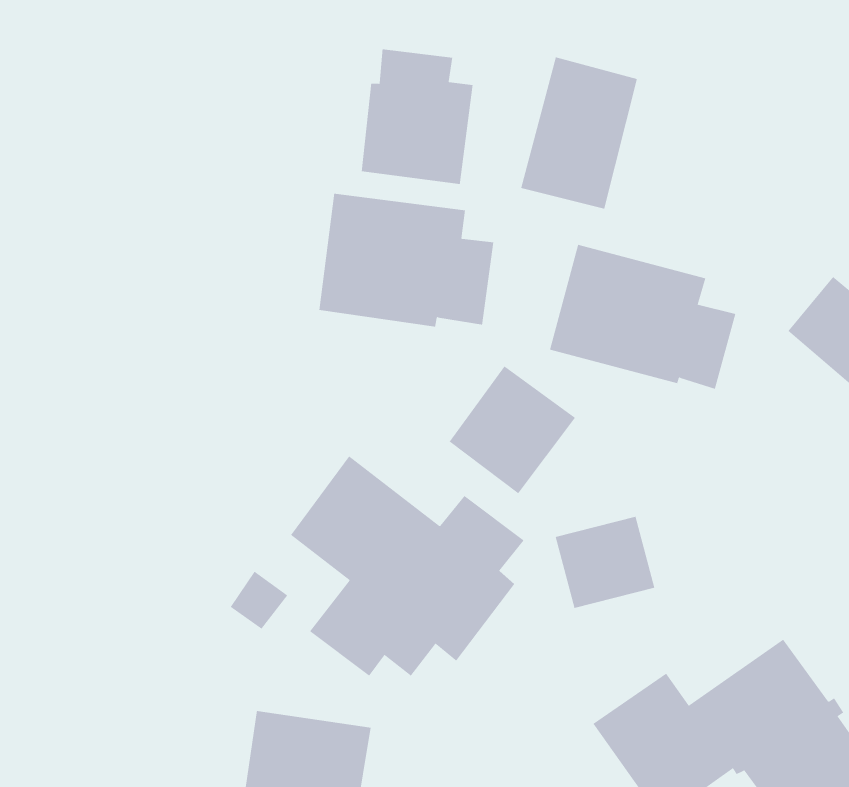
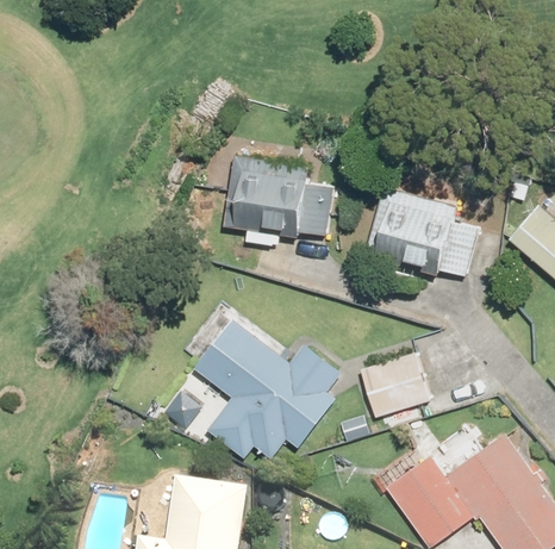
building: [361,49,473,185] -> none
building: [521,56,638,209] -> none
building: [449,365,576,494] -> none

